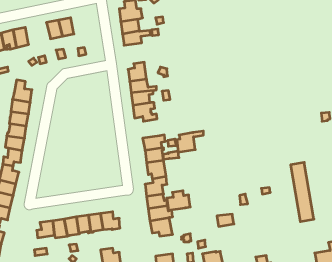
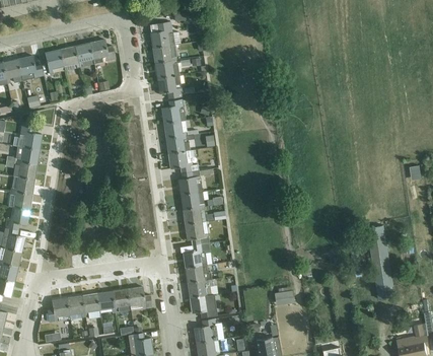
building: none -> [89,40,115,64]
building: none -> [41,50,64,81]
building: none -> [156,75,183,98]
building: [177,131,203,152] -> [177,168,211,195]
building: [167,191,190,210] -> [194,318,223,343]

